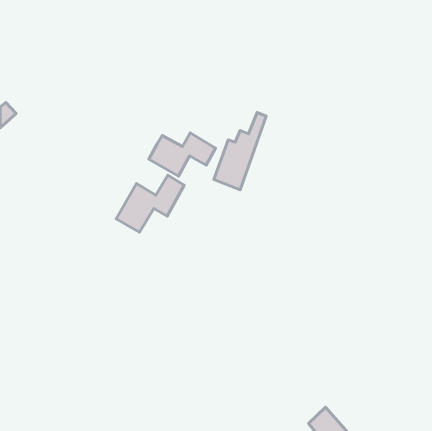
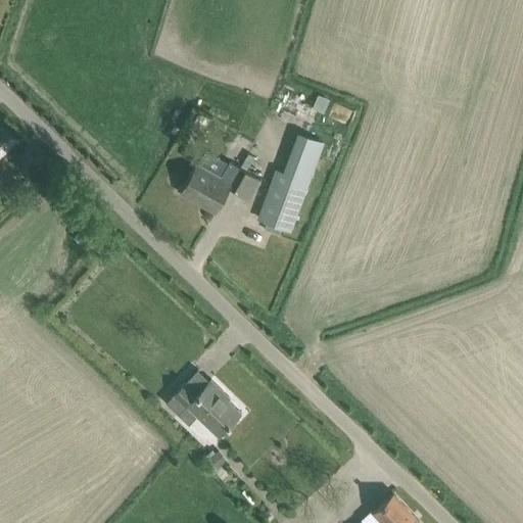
building: [116,175,184,232] -> none
building: none -> [167,381,240,436]

